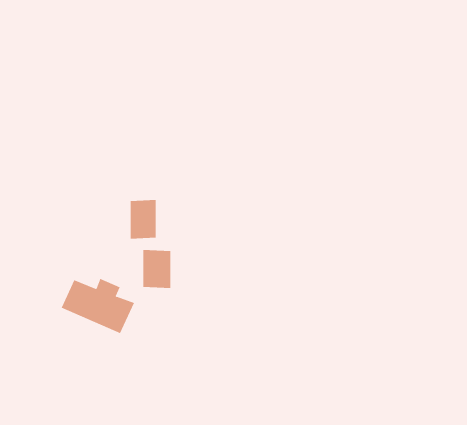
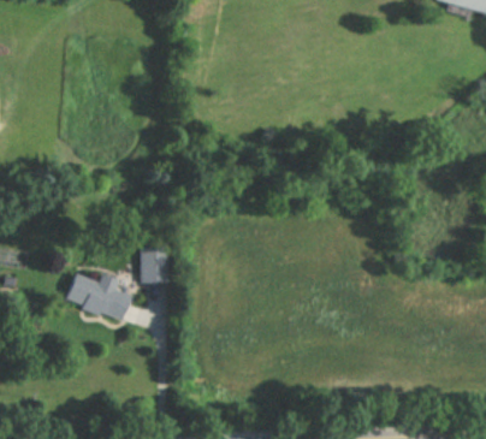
building: [130,199,156,239] -> none

